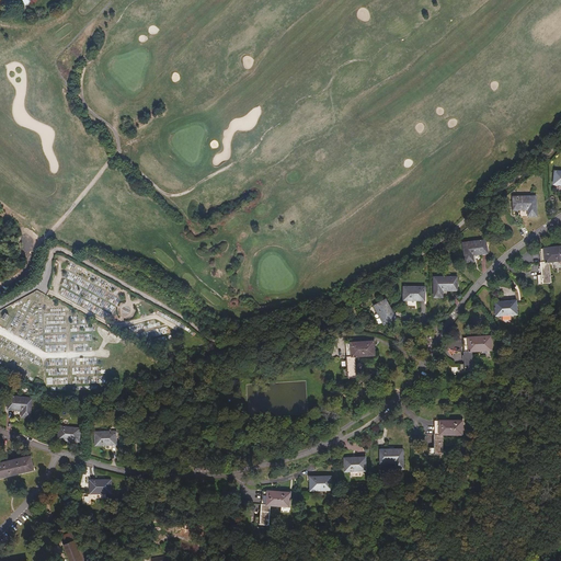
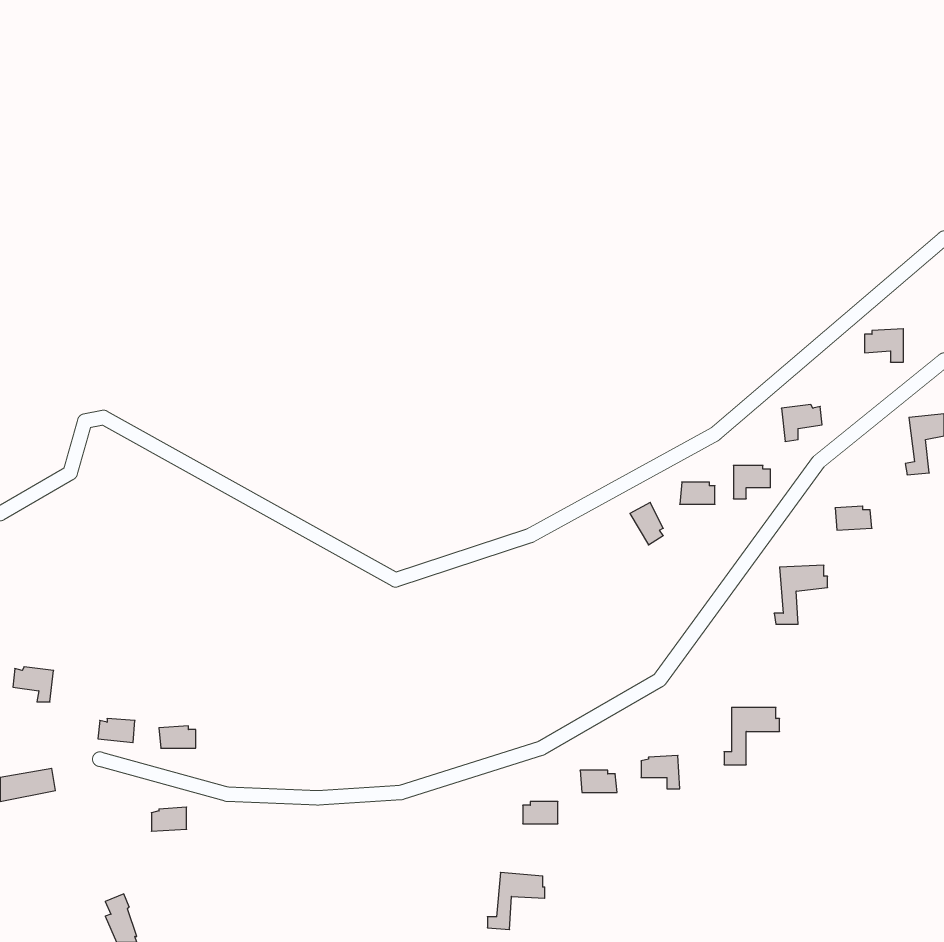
building: [342,341,375,376] -> none
building: [255,490,289,524] -> [487,872,545,930]

